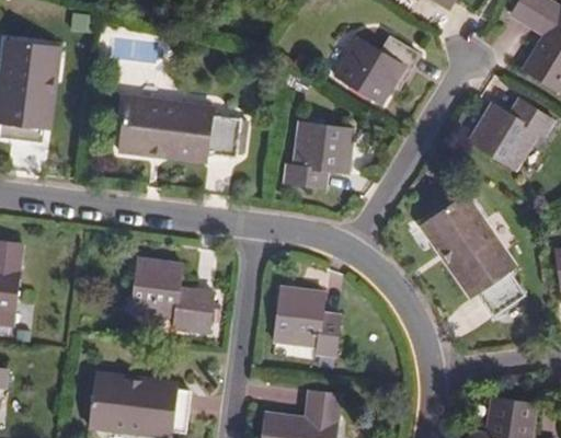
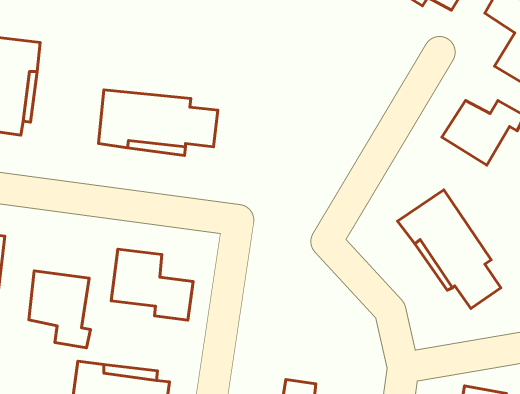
building: [332,35,417,104] -> none
building: [285,120,353,184] -> none
building: none -> [29,271,90,348]
building: [274,286,339,354] -> none

